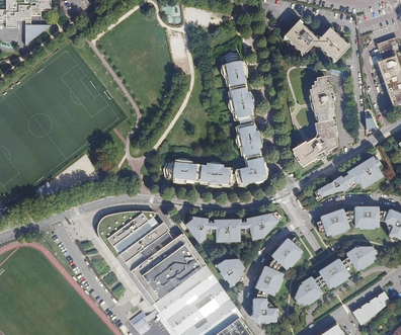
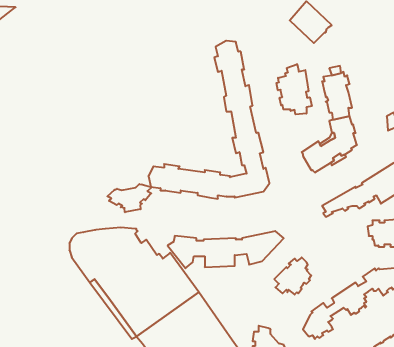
building: [316,26,350,62] -> none
building: none -> [276,64,312,114]
building: none -> [107,184,152,212]
building: [317,206,350,235] -> none
building: [215,256,244,284] -> none
building: [255,261,284,296] -> none

